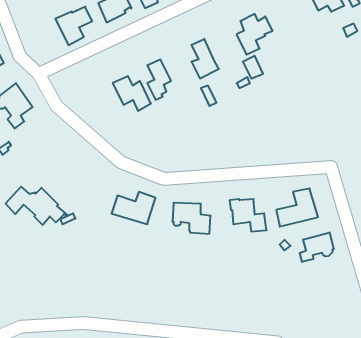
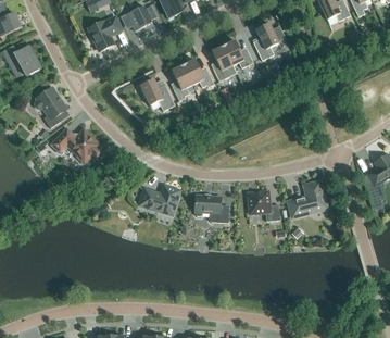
building: none -> [224,39,253,68]
building: none -> [184,59,214,87]
building: [6,187,68,225] -> [51,128,108,163]
building: [300,232,334,262] -> none

